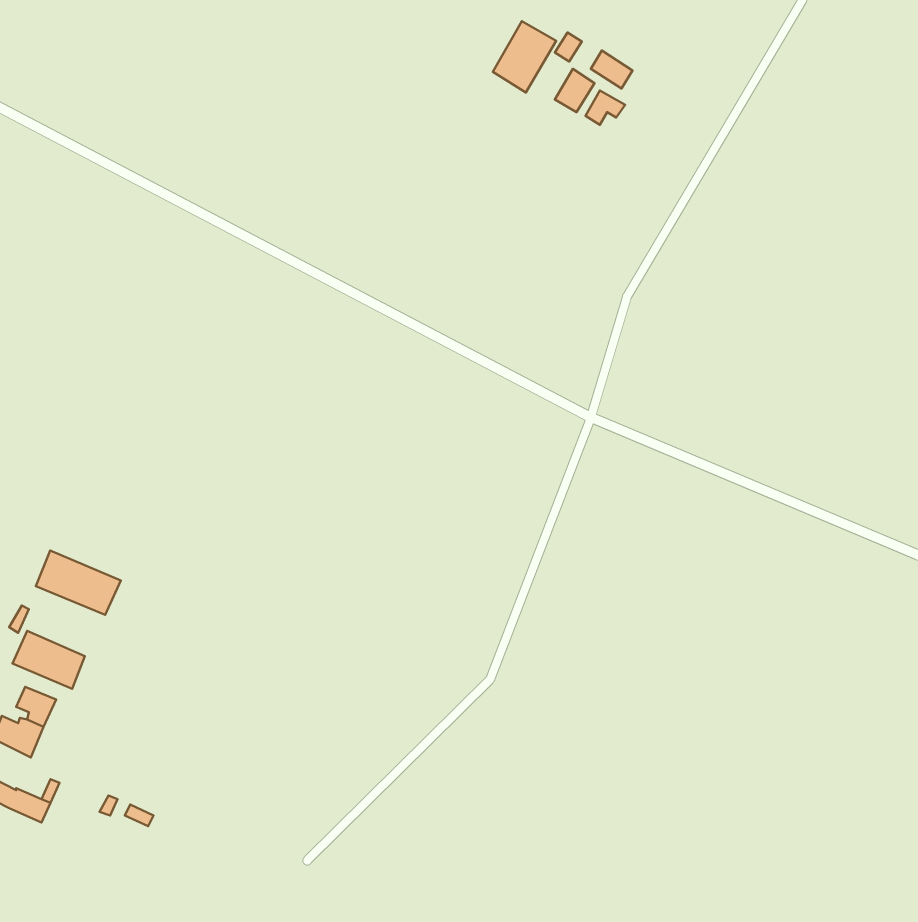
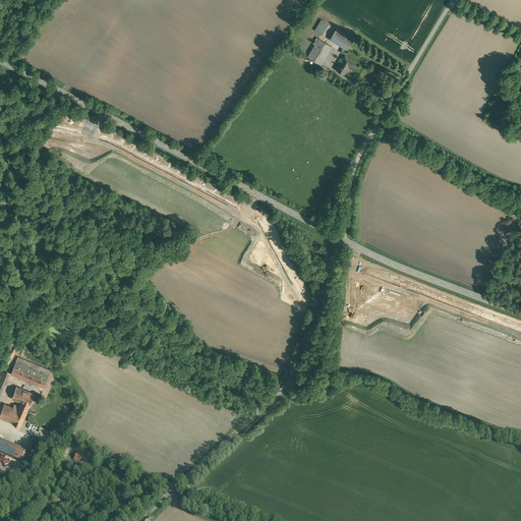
building: [493,21,556,92] -> none
building: [36,551,121,615] -> none

